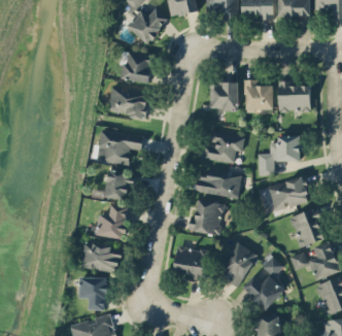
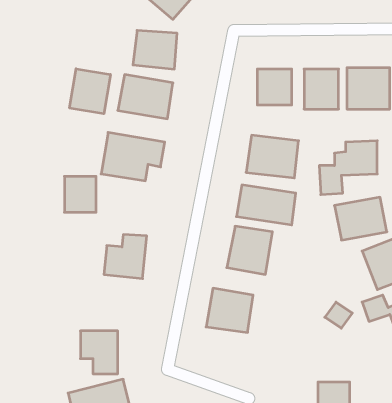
building: none -> [70,69,110,114]
building: [107,171,131,198] -> [64,176,96,212]
building: [216,241,256,285] -> none
building: [81,242,122,272] -> none
building: [243,275,283,309] -> none

